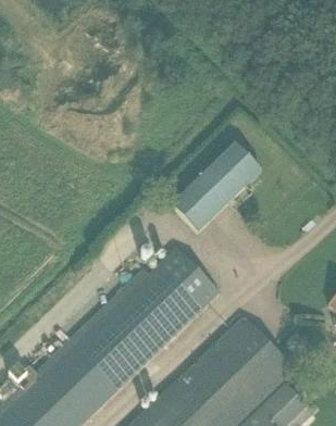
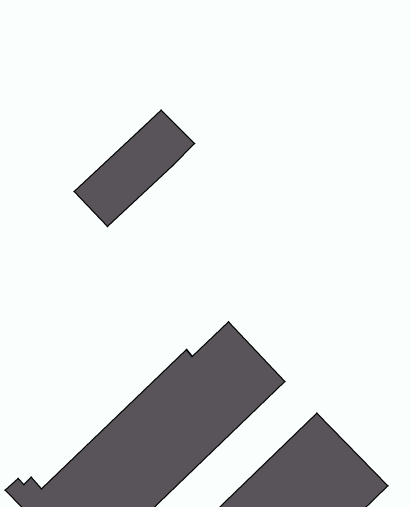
building: [172,142,262,229] -> [74,110,195,226]

